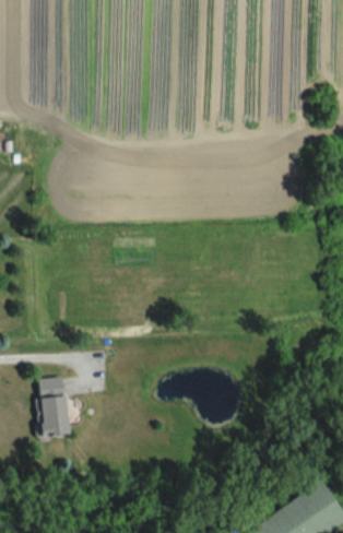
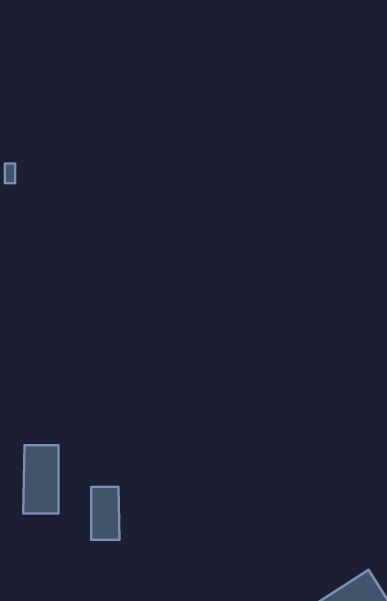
building: none -> [91,487,120,540]

